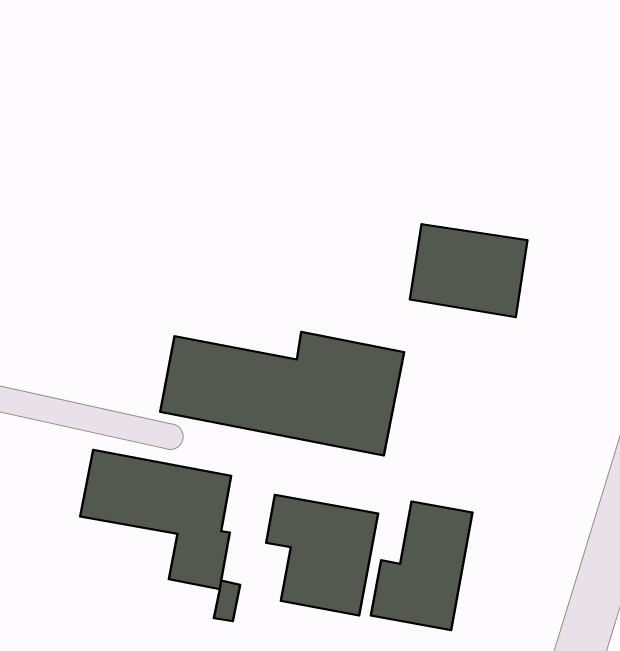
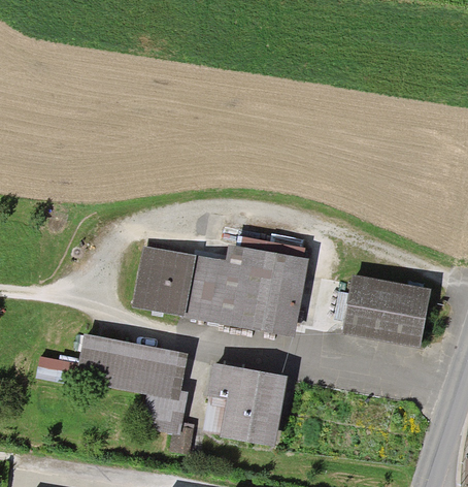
building: [410,224,528,317] -> [344,277,428,343]
building: [371,502,472,630] -> none

